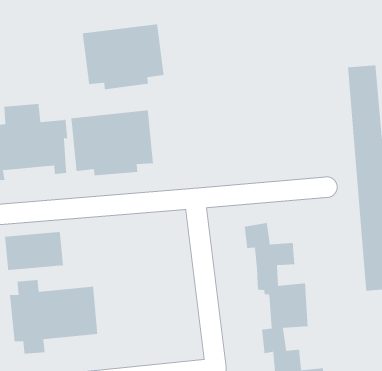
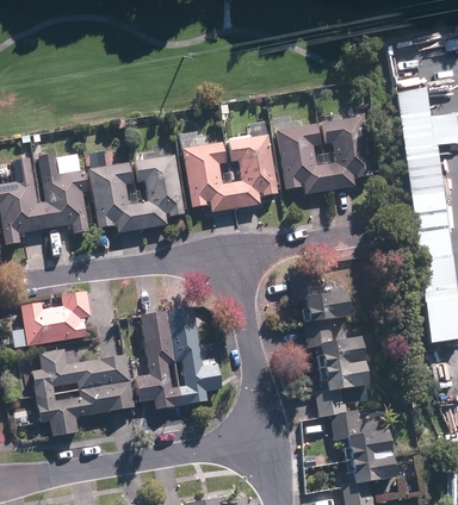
building: [82,24,164,90] -> [184,135,278,212]
building: none -> [277,117,371,192]
building: none -> [136,307,222,410]

